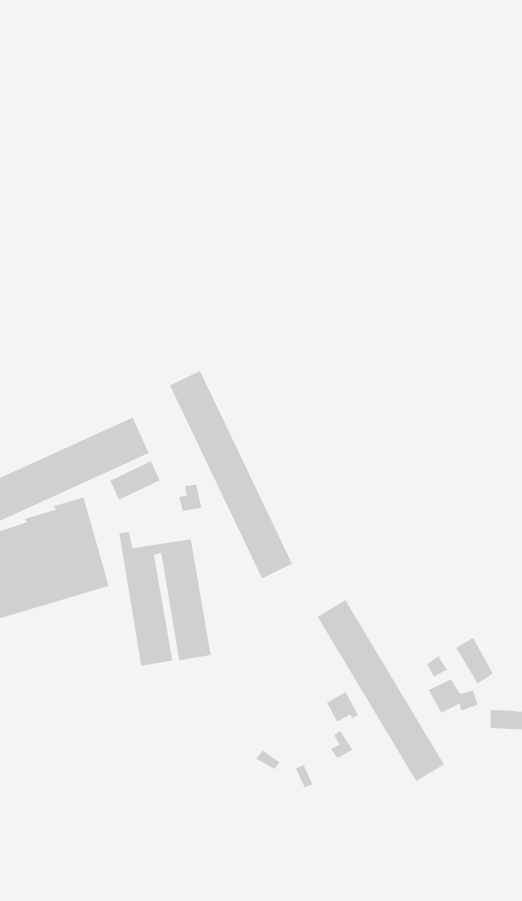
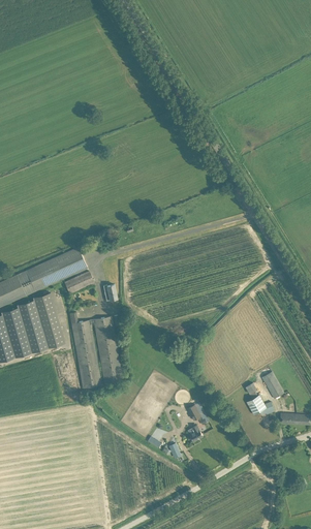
building: [169,370,293,579] -> none
building: [317,599,445,782] -> none

